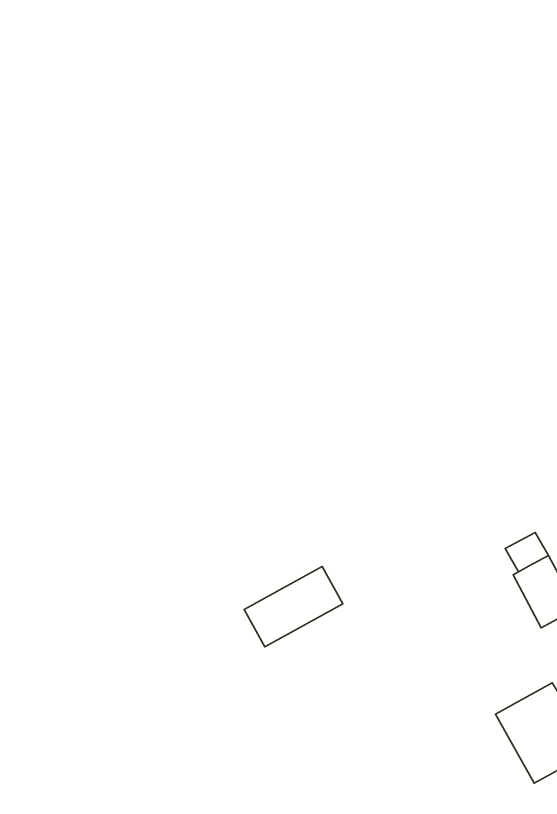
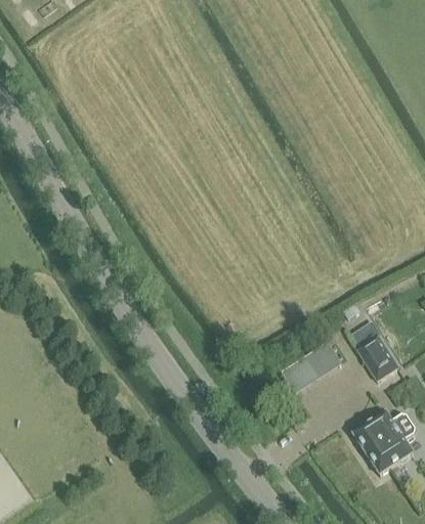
building: [244,567,343,647] -> [282,342,341,393]

